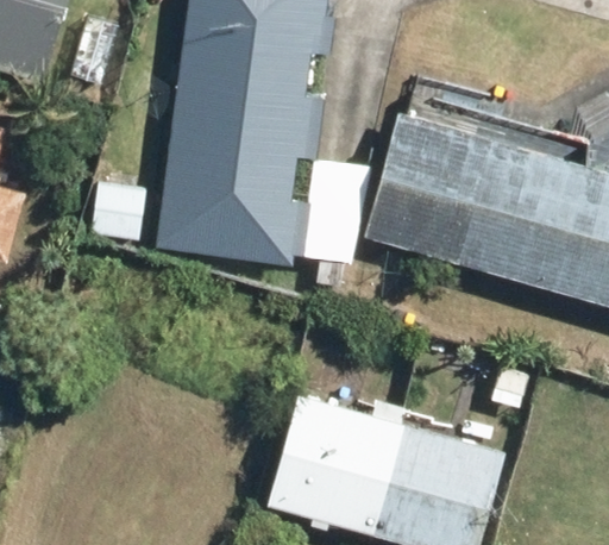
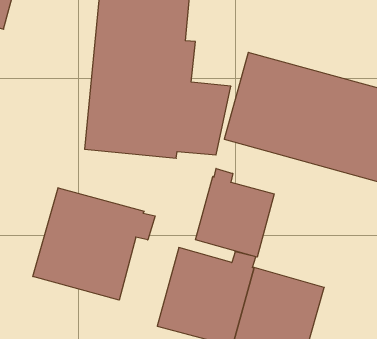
building: none -> [196,168,274,257]
building: none -> [33,188,155,300]

